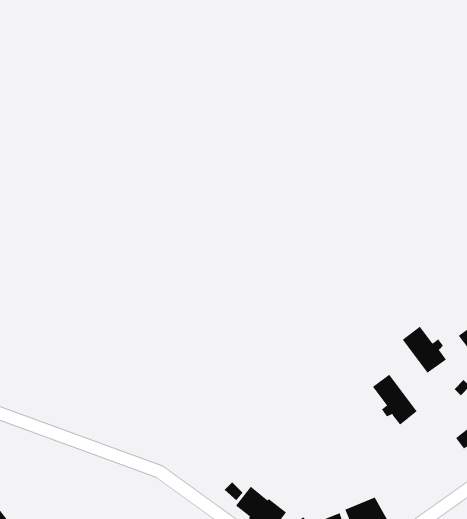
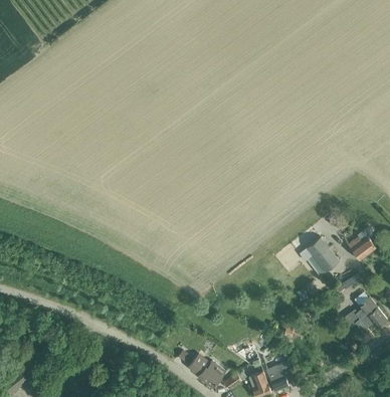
building: [372,374,418,425] -> none

